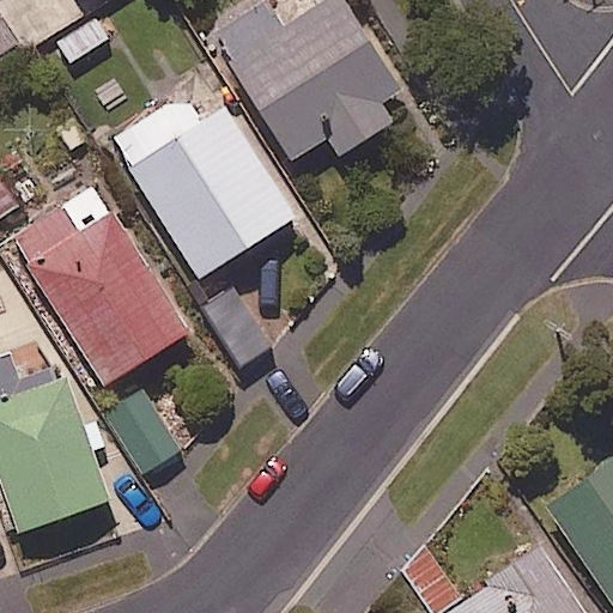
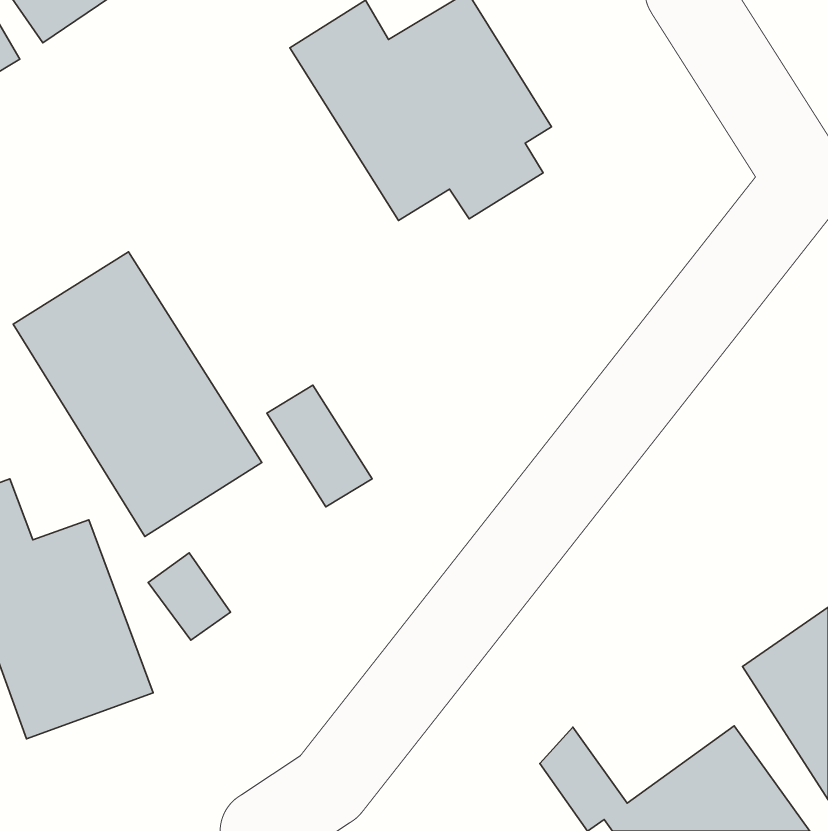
building: [108,89,297,283] -> none

